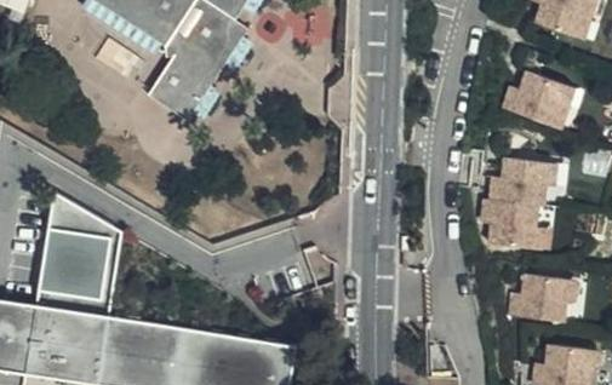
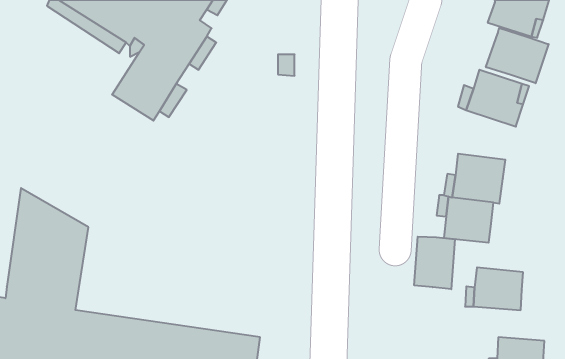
building: none -> [486,28,549,83]
building: none -> [414,237,455,289]

